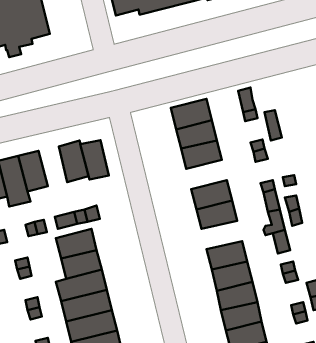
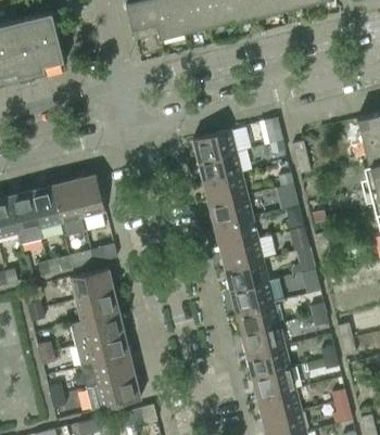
building: [80,140,109,180] -> [52,181,83,223]
building: none -> [210,195,253,227]
building: none -> [226,260,269,291]

